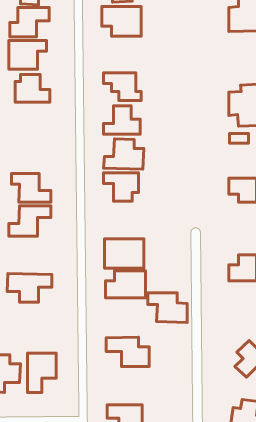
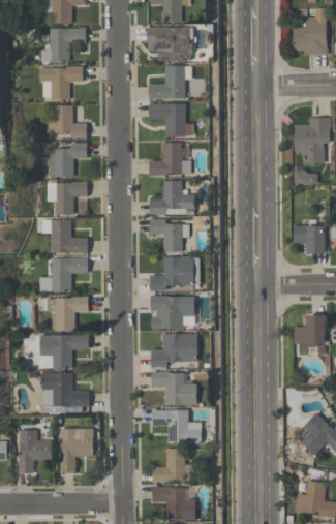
building: none -> [149,65,190,99]
building: none -> [47,144,87,176]
building: none -> [47,182,87,214]
building: none -> [150,256,201,291]
building: none -> [50,297,89,331]
building: [148,293,187,322] -> [152,371,197,405]
building: none -> [41,373,89,407]
building: none -> [153,449,186,482]

